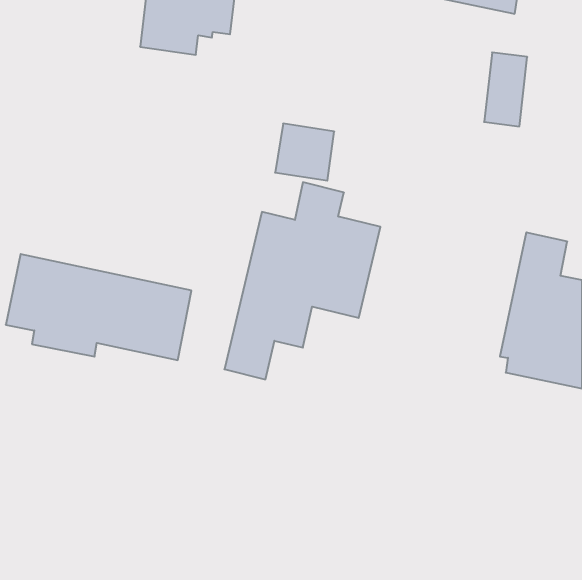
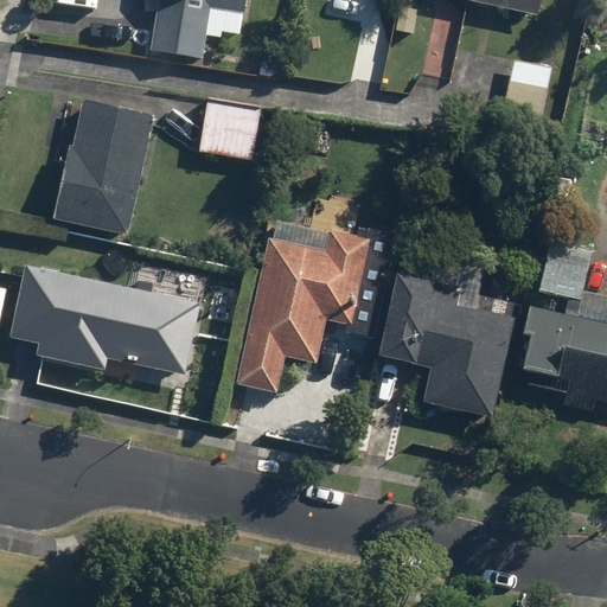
building: none -> [55,98,154,232]
building: [275,124,334,181] -> [197,101,258,160]
building: none -> [375,277,515,420]

